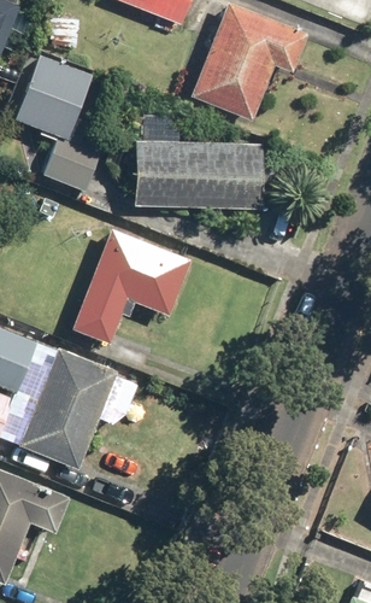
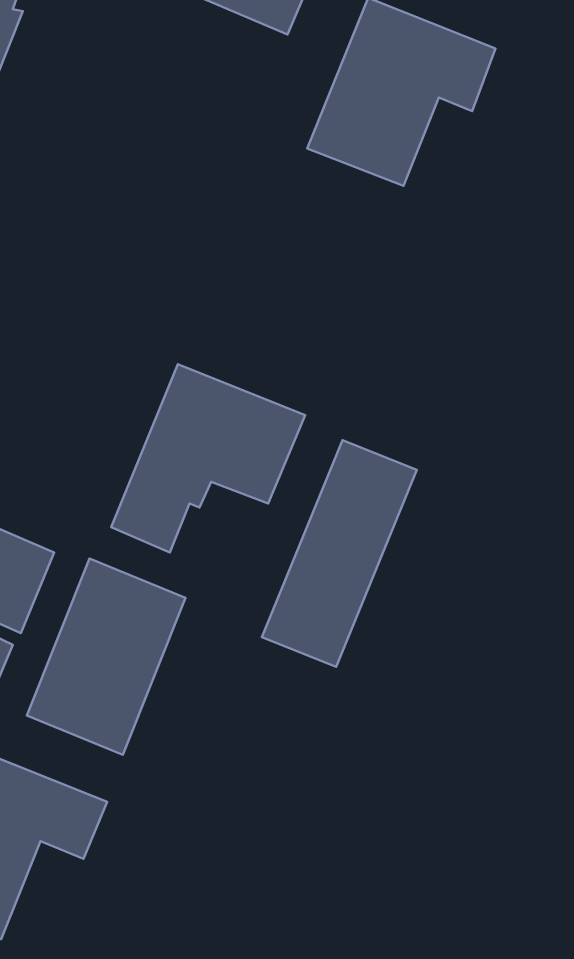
building: [14,52,105,192] -> none
building: [134,111,260,210] -> none
building: none -> [262,440,417,667]

